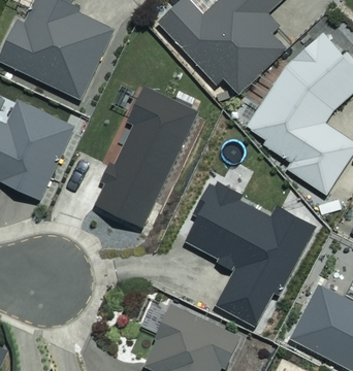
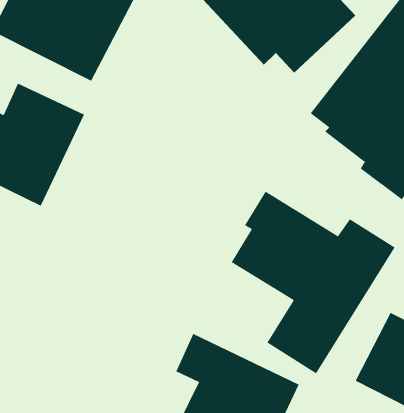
building: [95,89,198,228] -> none

